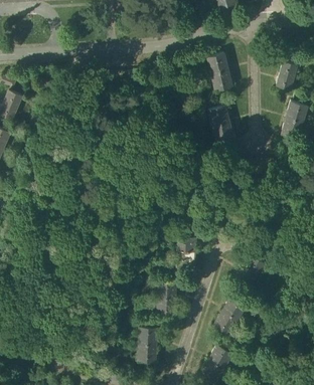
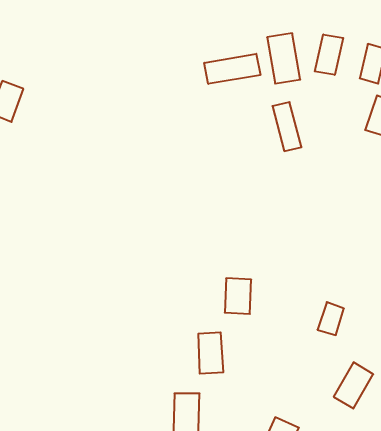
building: none -> [315,34,343,75]
building: none -> [204,54,260,84]
building: [210,299,241,334] -> [334,362,373,409]

